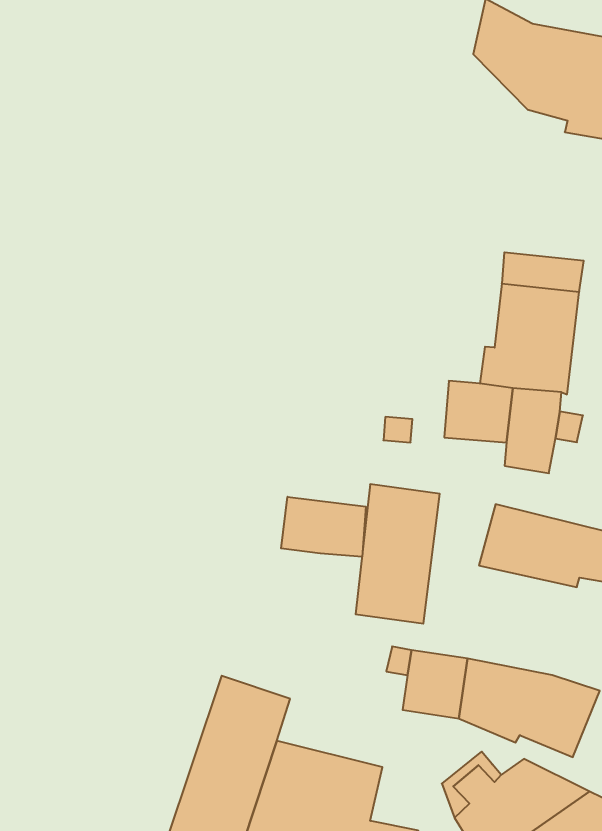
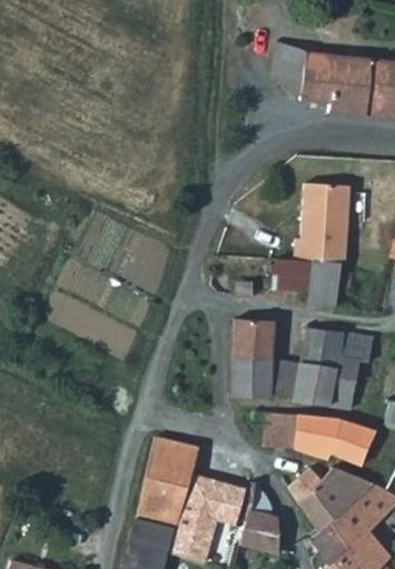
building: [281,497,366,557] -> none
building: none -> [294,362,357,408]

